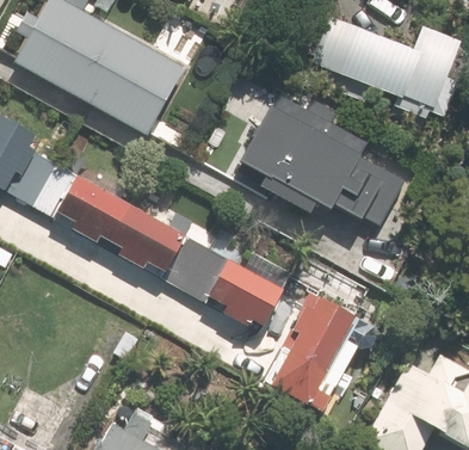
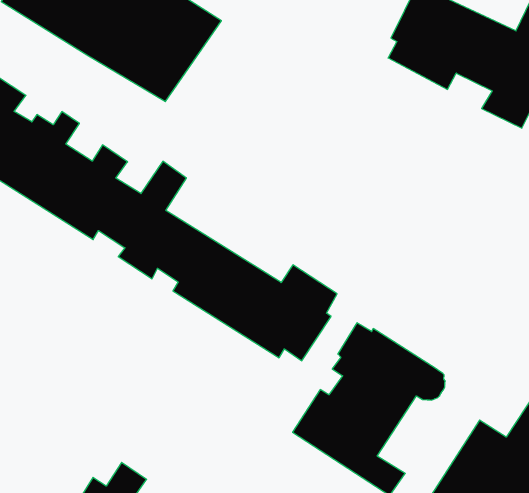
building: [245,95,406,226] -> none

